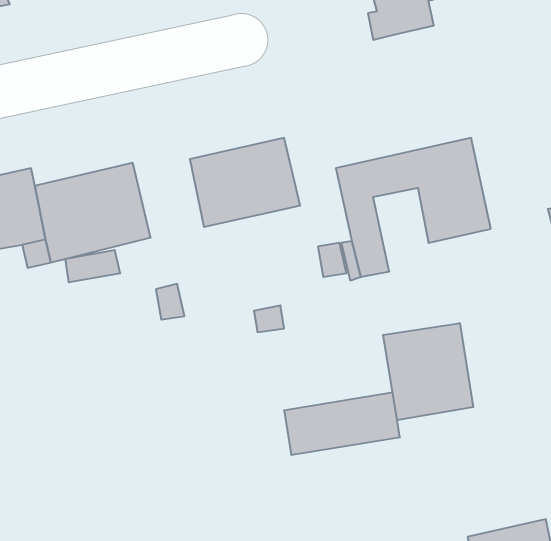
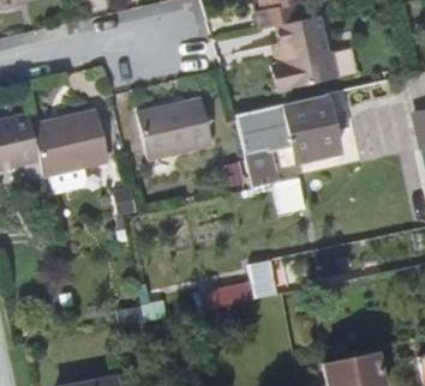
building: none -> [275,16,334,89]
building: [383,323,473,420] -> none

